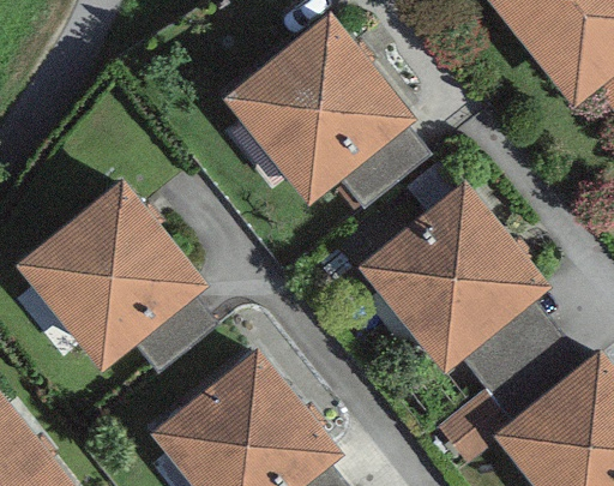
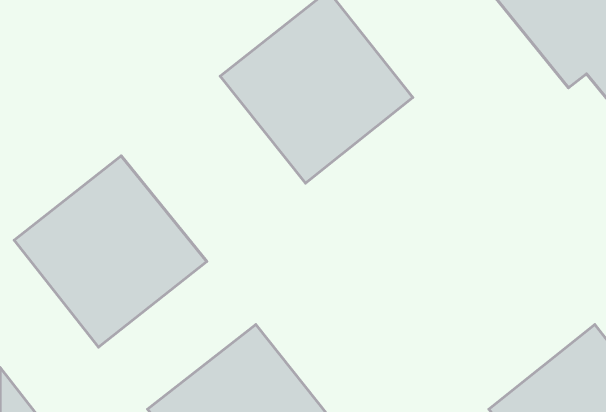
building: [357,179,552,373] -> none

